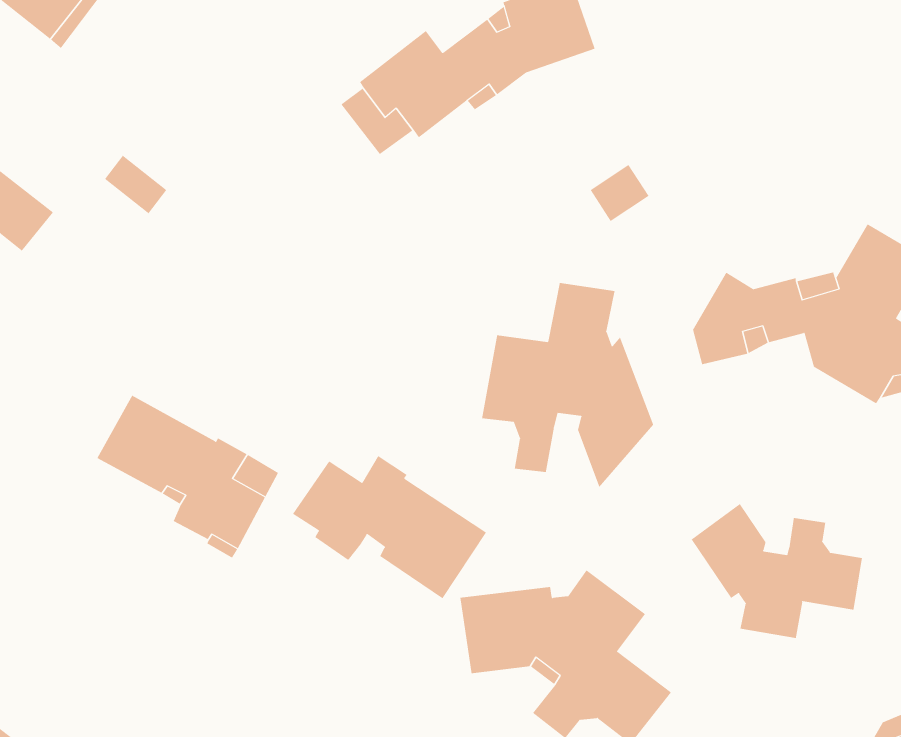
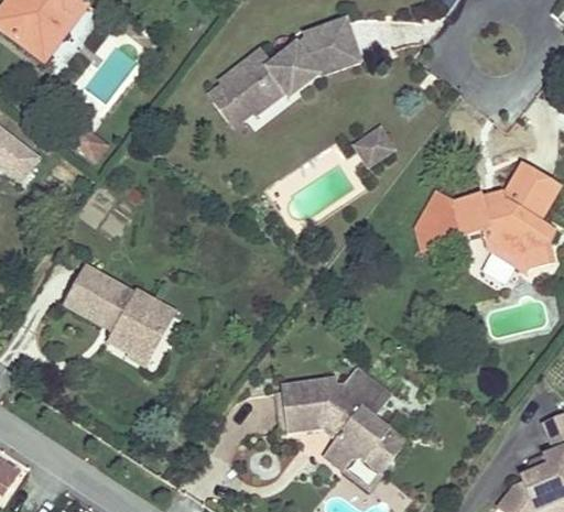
building: [481,282,654,488] -> none
building: [292,455,487,599] -> none
building: [691,503,862,639] -> none

